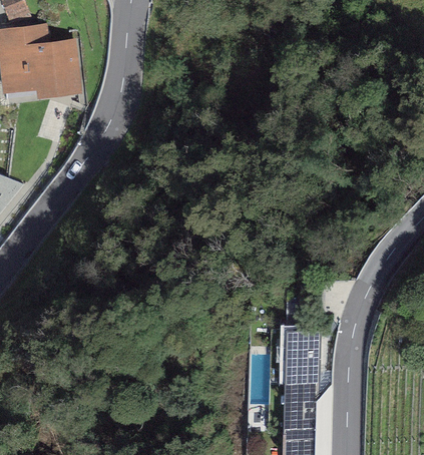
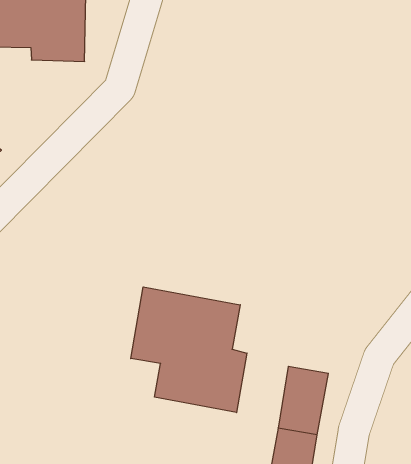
building: none -> [131,287,247,413]

